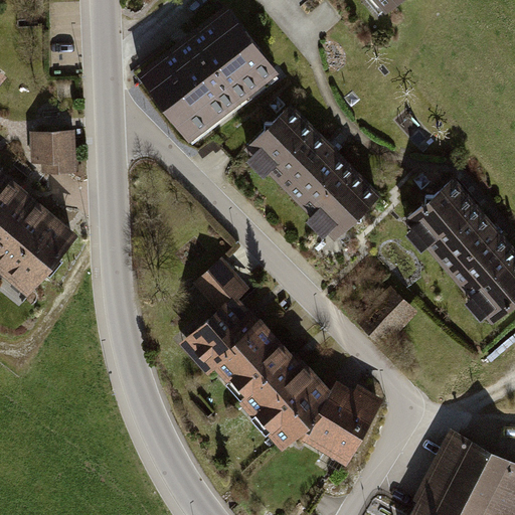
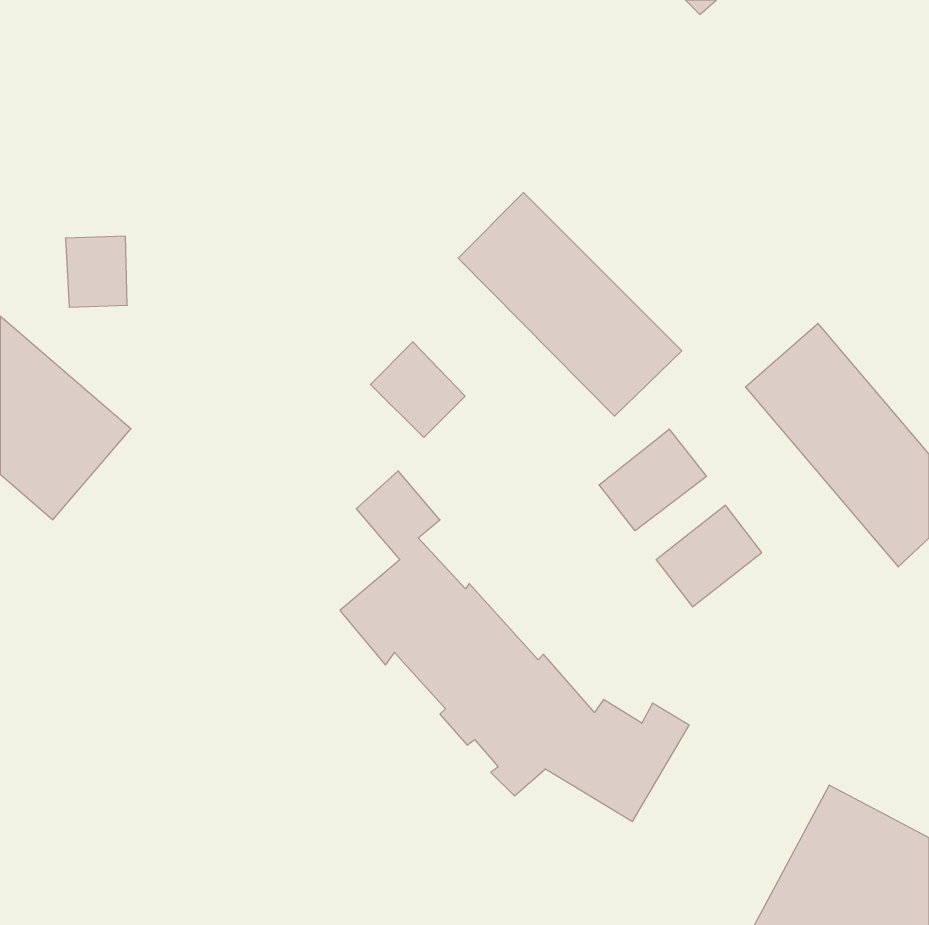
building: [144,13,272,137] -> none
building: none -> [370,342,465,437]
building: none -> [599,429,706,531]

